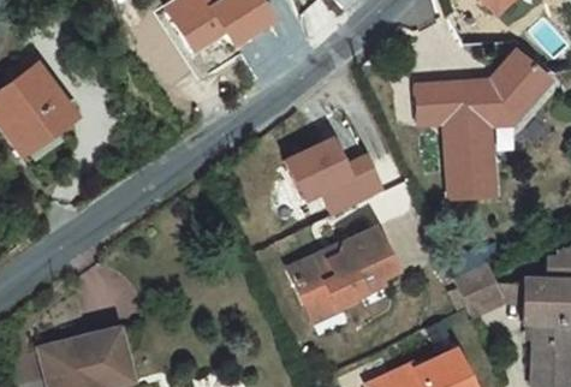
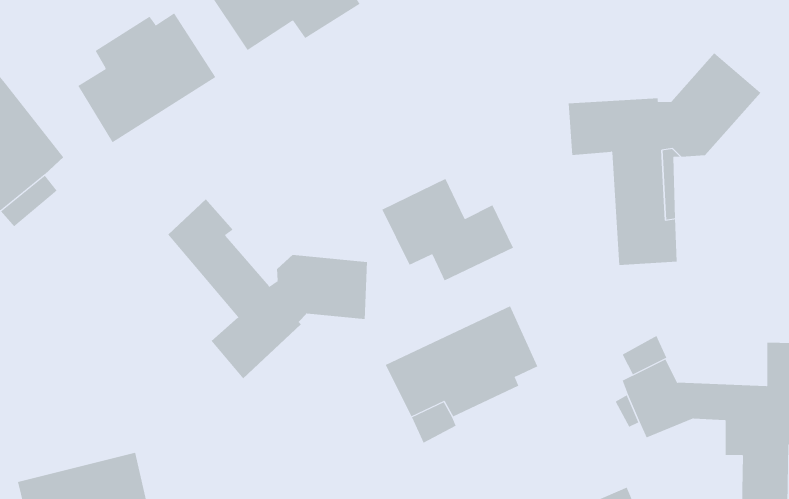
building: none -> [78,13,216,143]
building: none -> [168,199,368,379]

